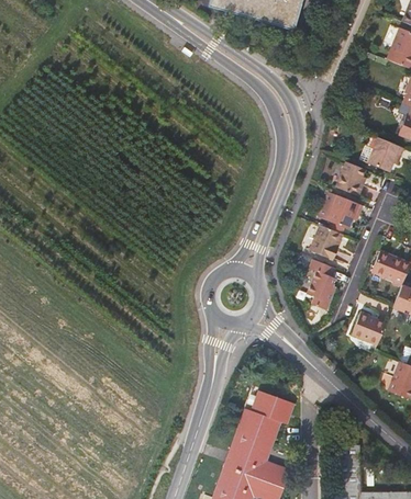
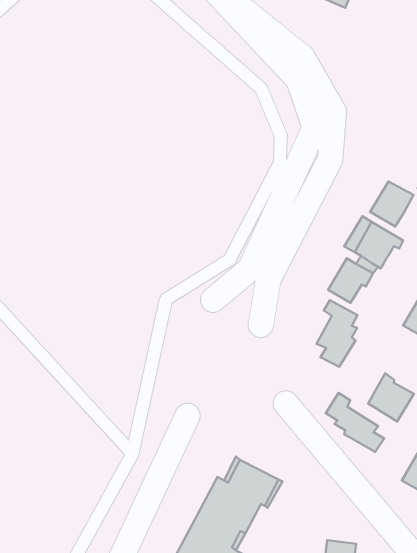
building: none -> [326,393,384,452]

